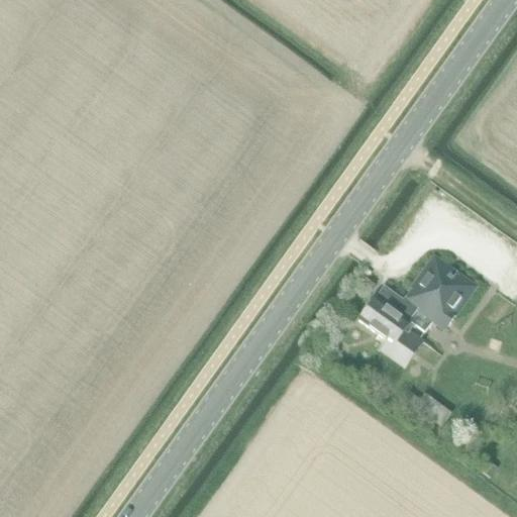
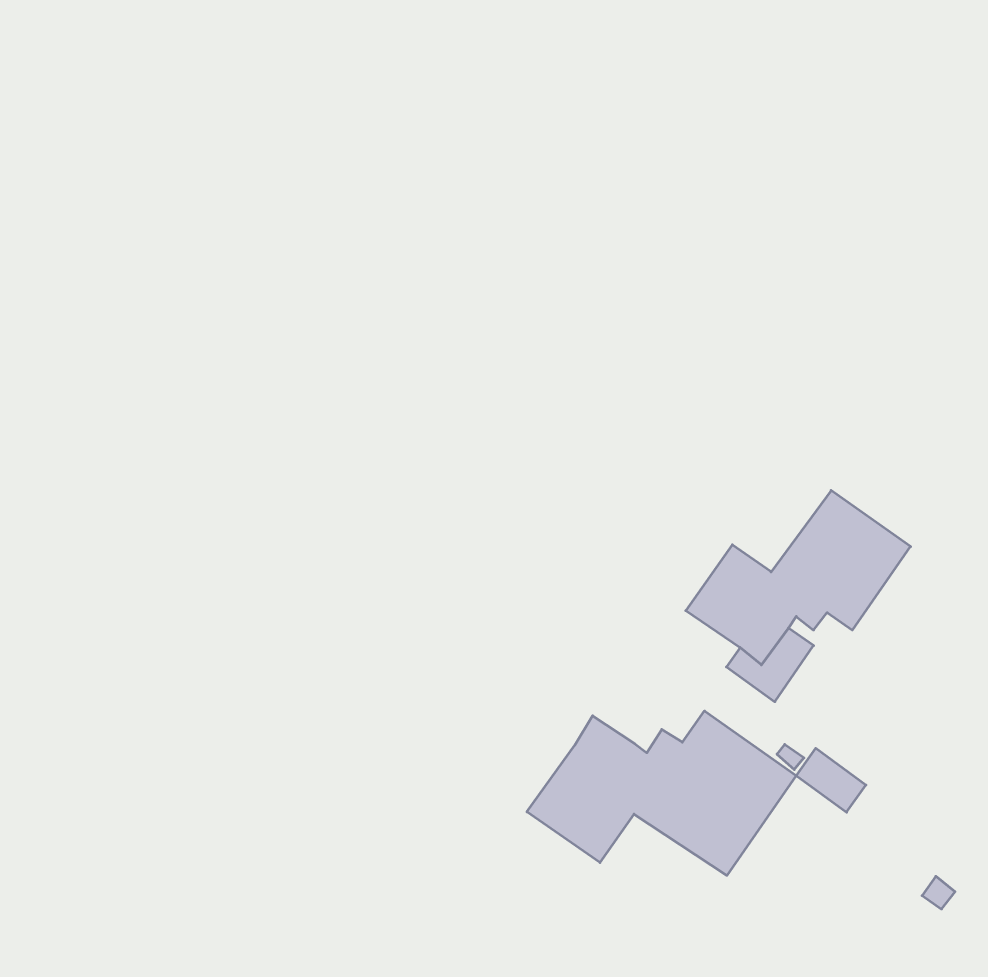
building: none -> [527,711,796,875]

